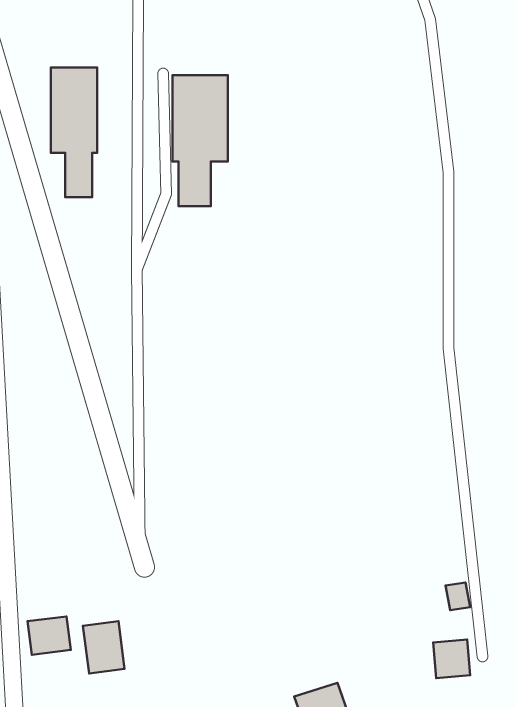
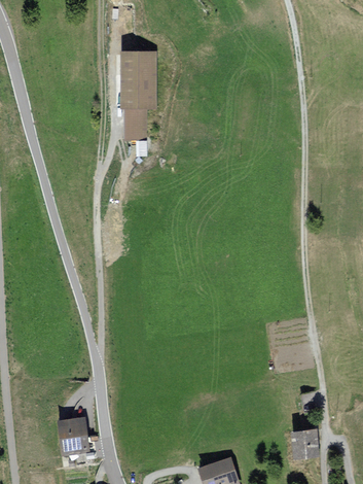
building: [51,68,97,197] -> none
building: [27,616,71,655] -> none

